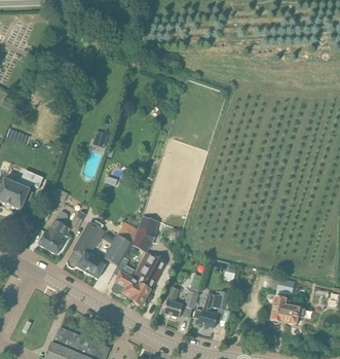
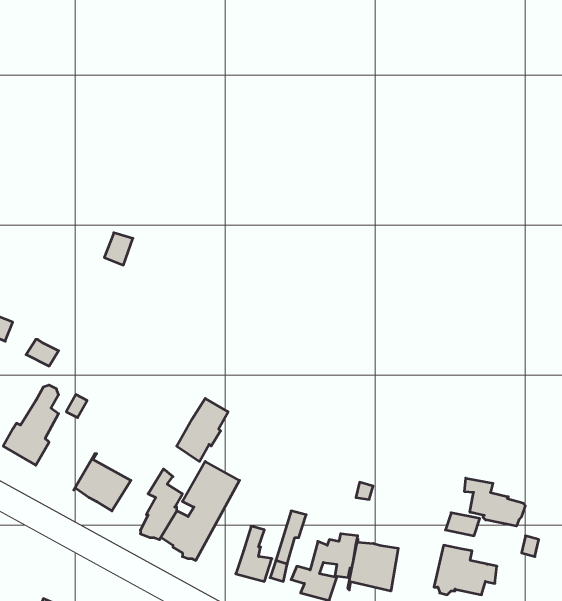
building: [67,219,104,267] -> none
building: [104,220,140,268] -> none
building: none -> [465,478,525,526]
building: none -> [348,539,398,591]

